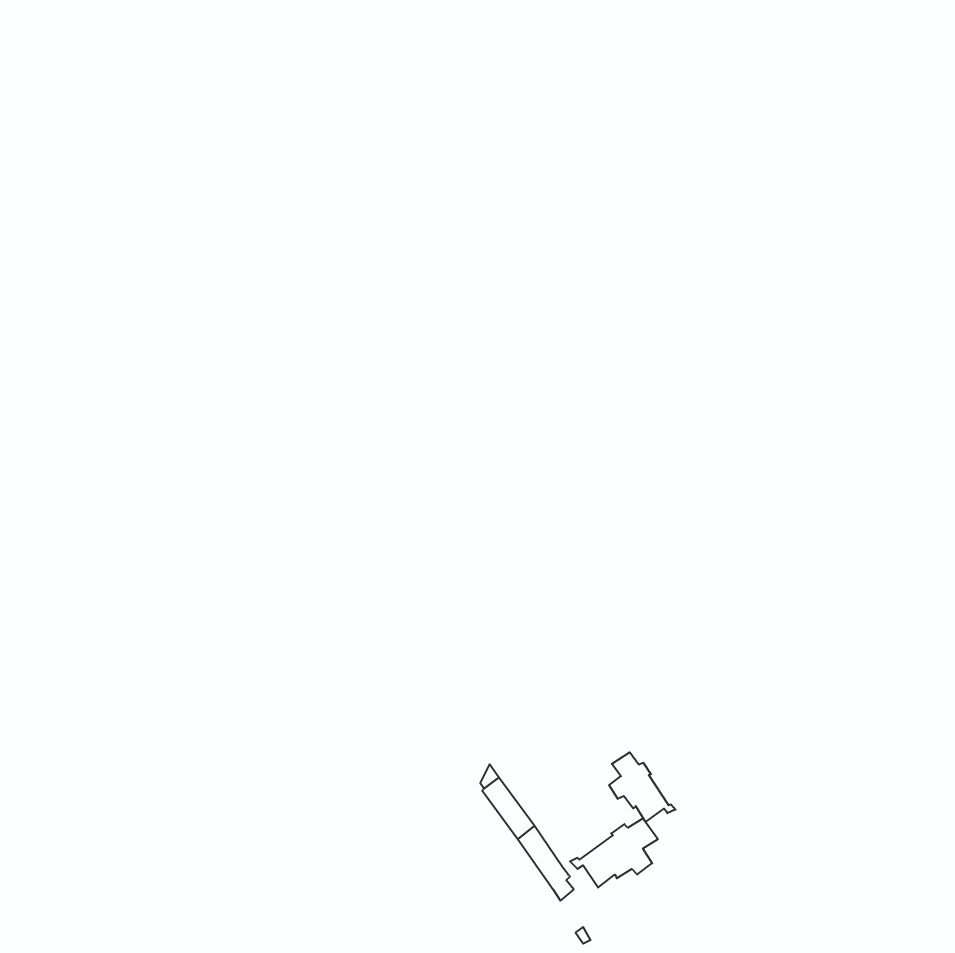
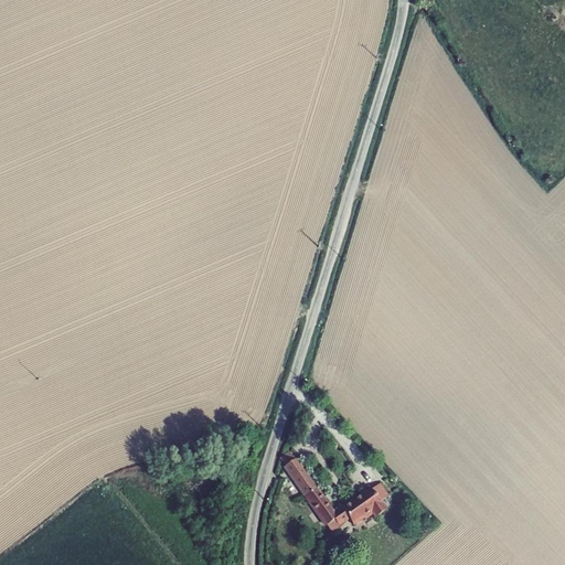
building: [609,752,676,822] -> none

